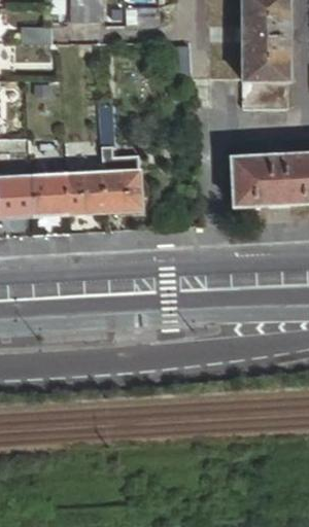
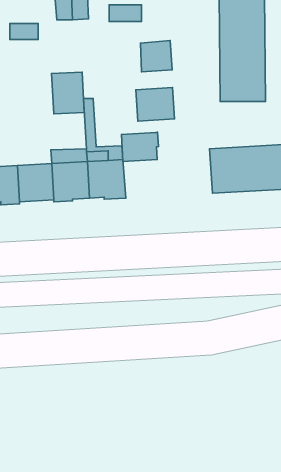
building: none -> [52,72,84,114]
building: none -> [136,88,175,121]
building: none -> [122,132,158,162]

